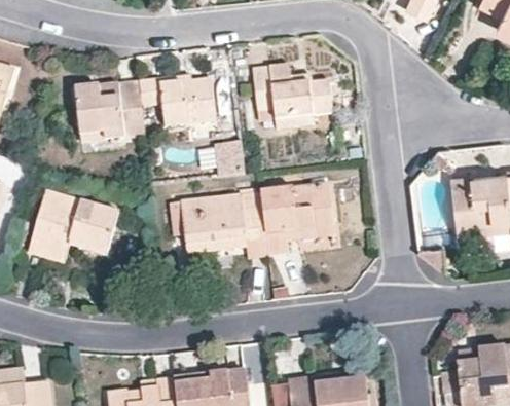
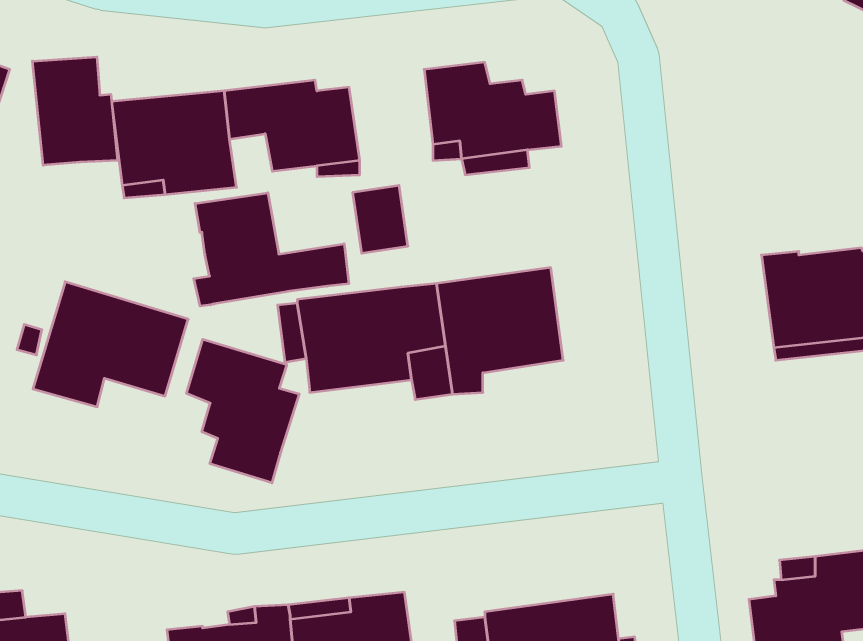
building: none -> [32,57,117,165]
building: none -> [194,193,349,306]
building: none -> [187,339,299,483]

